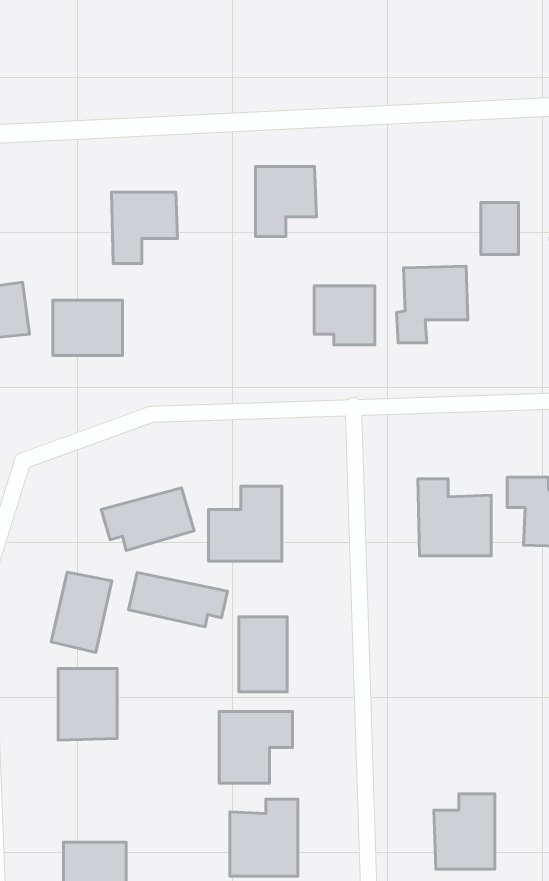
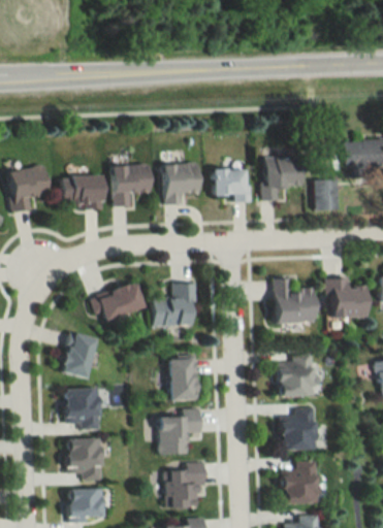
building: [256,167,316,236] -> [165,163,200,203]
building: [111,192,178,264] -> [114,164,152,205]
building: [481,203,519,254] -> [315,179,337,209]
building: [129,572,228,627] -> none
building: none -> [279,353,314,397]
building: none -> [282,408,316,450]
building: none -> [67,438,102,481]

